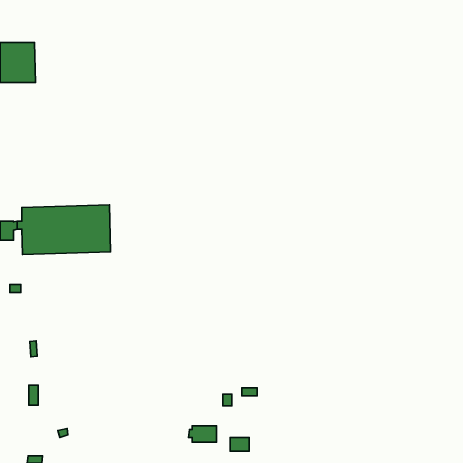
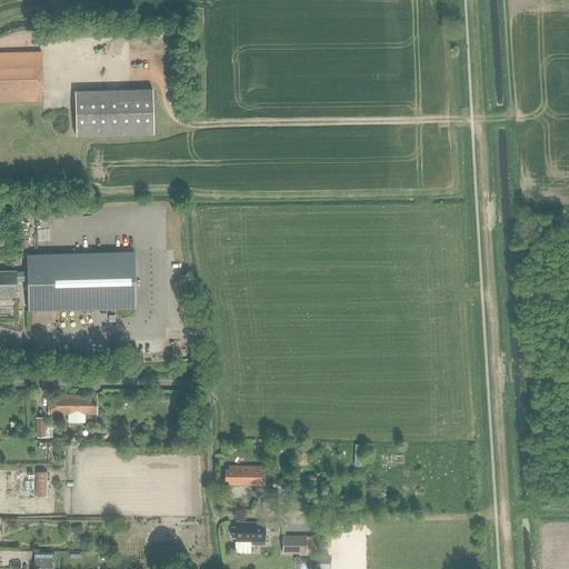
building: none -> [74,90,153,134]
building: none -> [50,396,96,413]
building: none -> [224,467,264,486]

